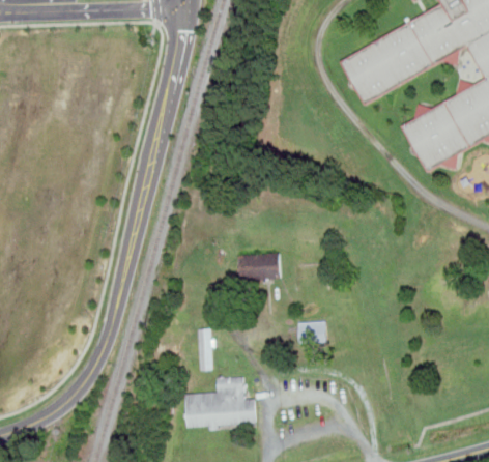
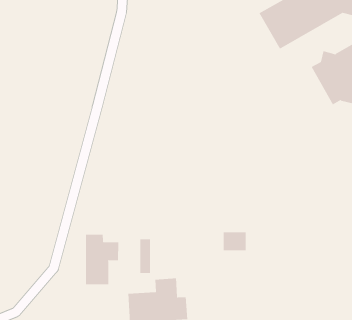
building: [240,255,280,279] -> none
building: none -> [85,234,119,285]

